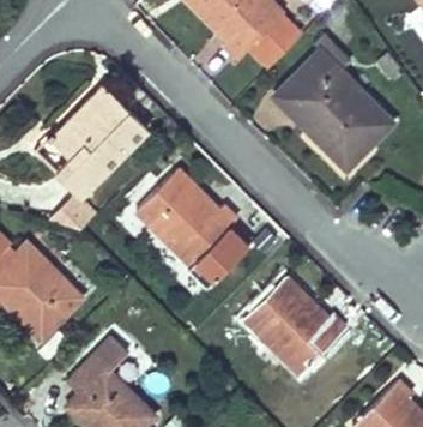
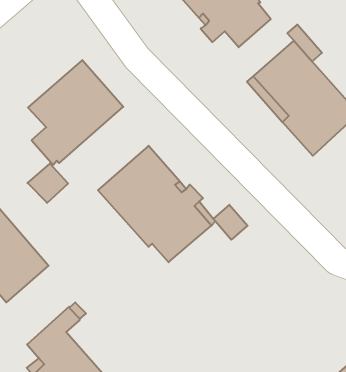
building: [244,277,345,373] -> none

